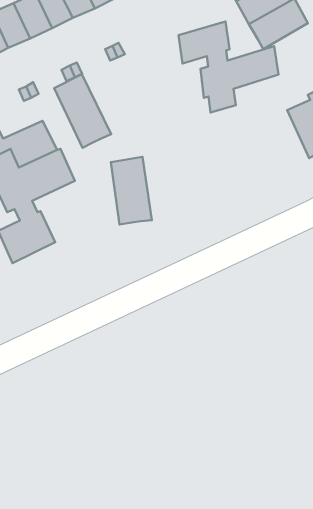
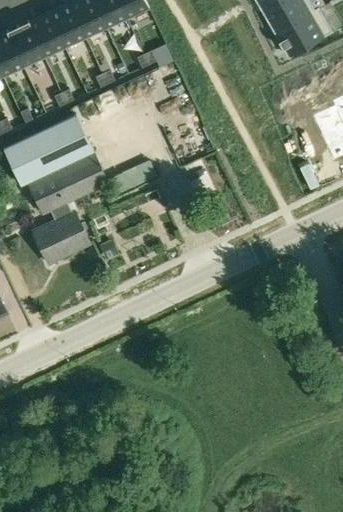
building: [178,21,279,112] -> none
building: [54,74,111,148] -> none
building: [111,157,152,225] -> none

